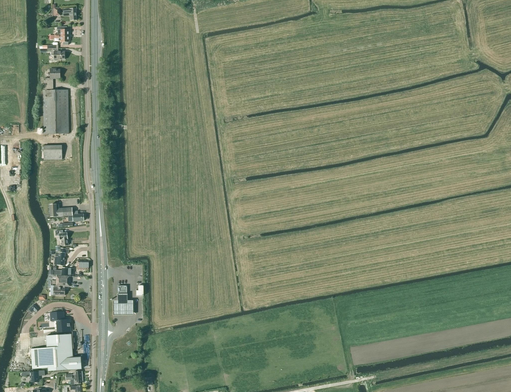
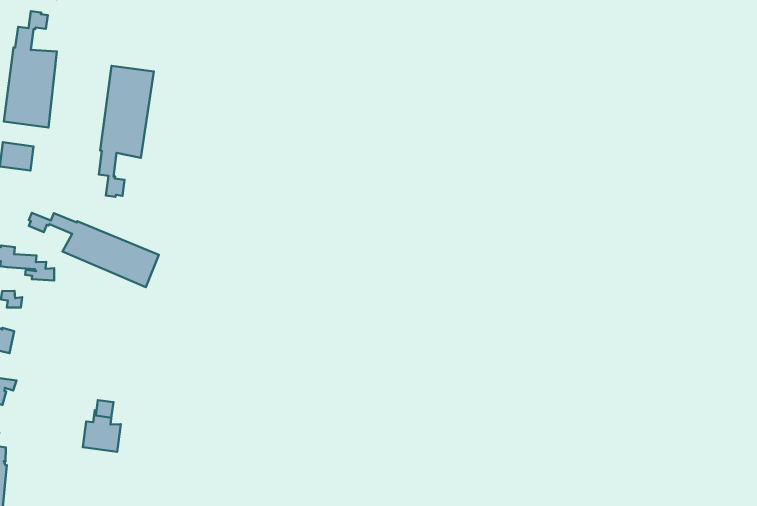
building: none -> [99,66,154,197]
building: none -> [29,213,159,287]

